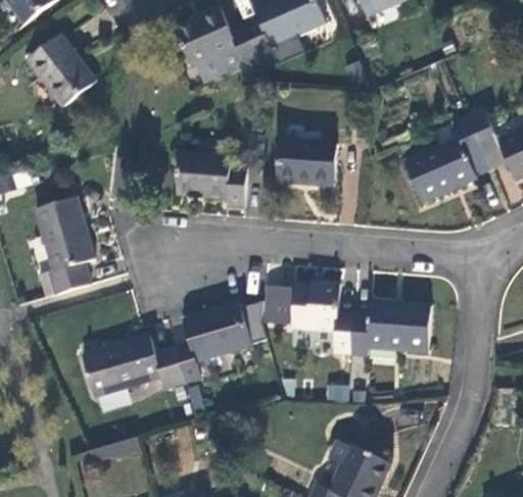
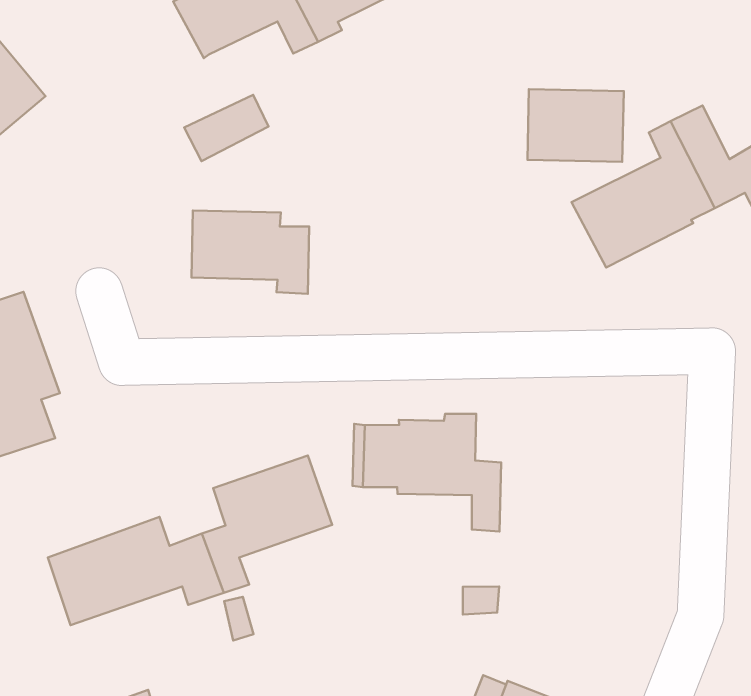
building: [193,45,243,83] -> [184,95,269,161]
building: [277,139,336,185] -> [527,89,624,162]
building: [350,302,431,355] -> none

